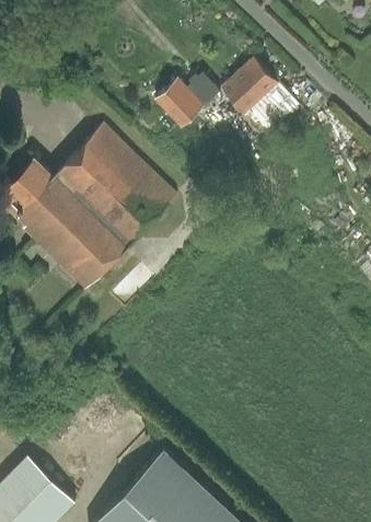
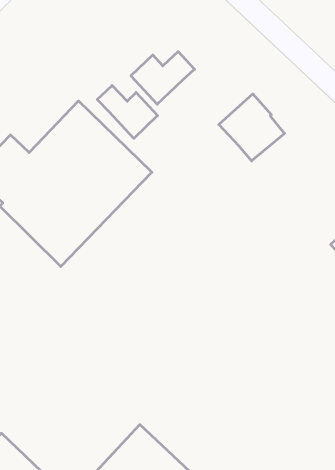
building: [222,57,288,124] -> [219,94,285,161]
building: none -> [97,85,158,138]

